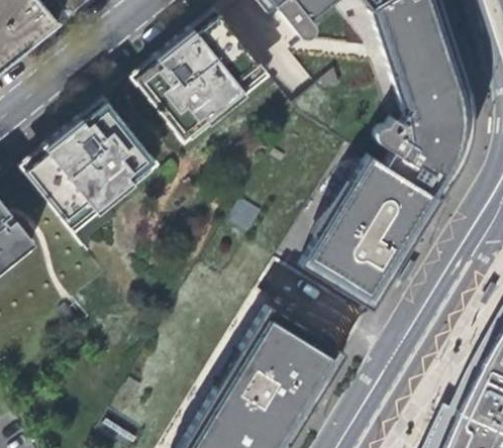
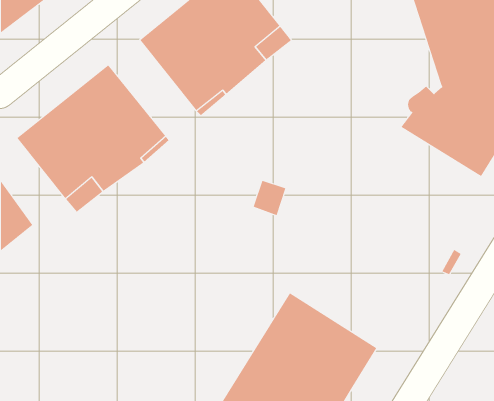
building: [298,155,440,312] -> none

